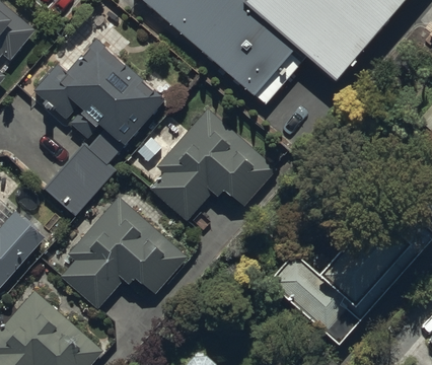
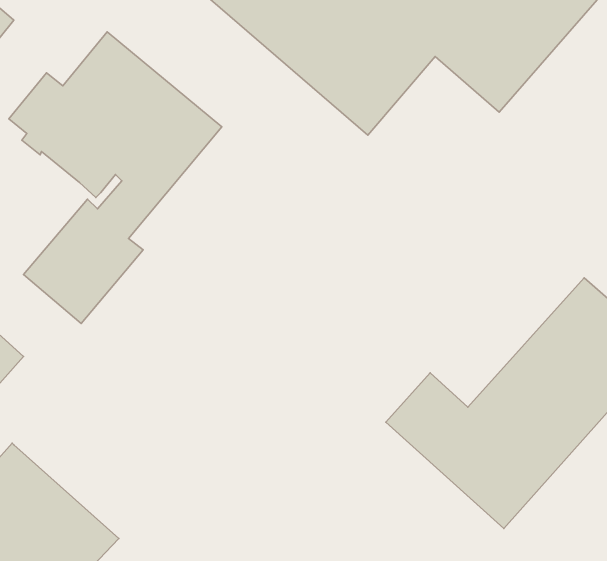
building: [126,106,276,224] -> none
building: [60,195,187,310] -> none

